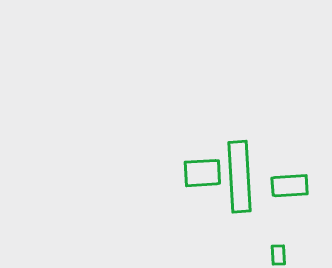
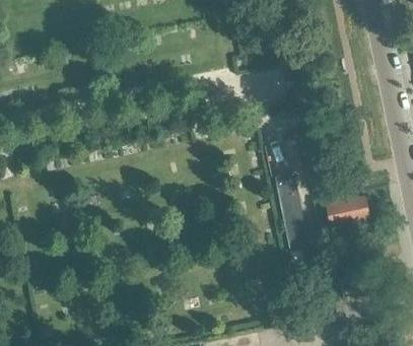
building: [185,161,219,186] -> none

